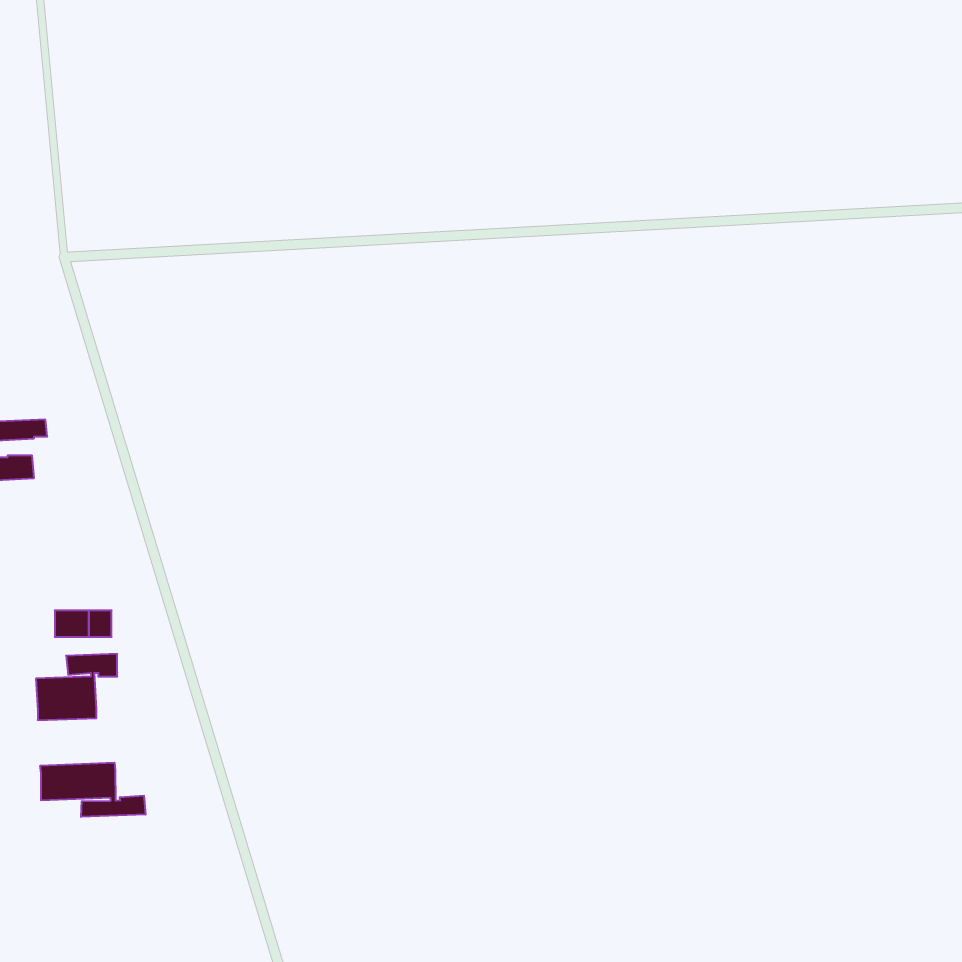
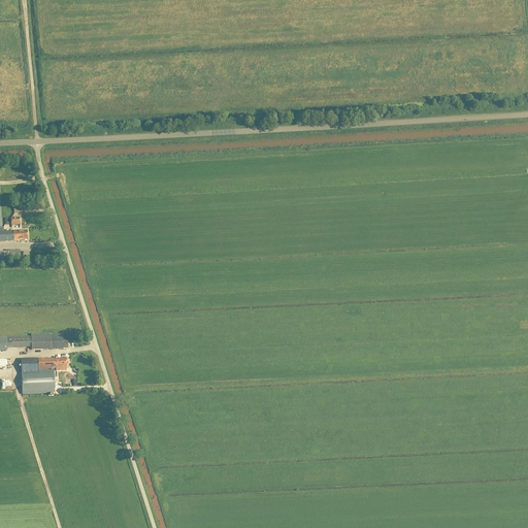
building: [40,763,146,817] -> none

